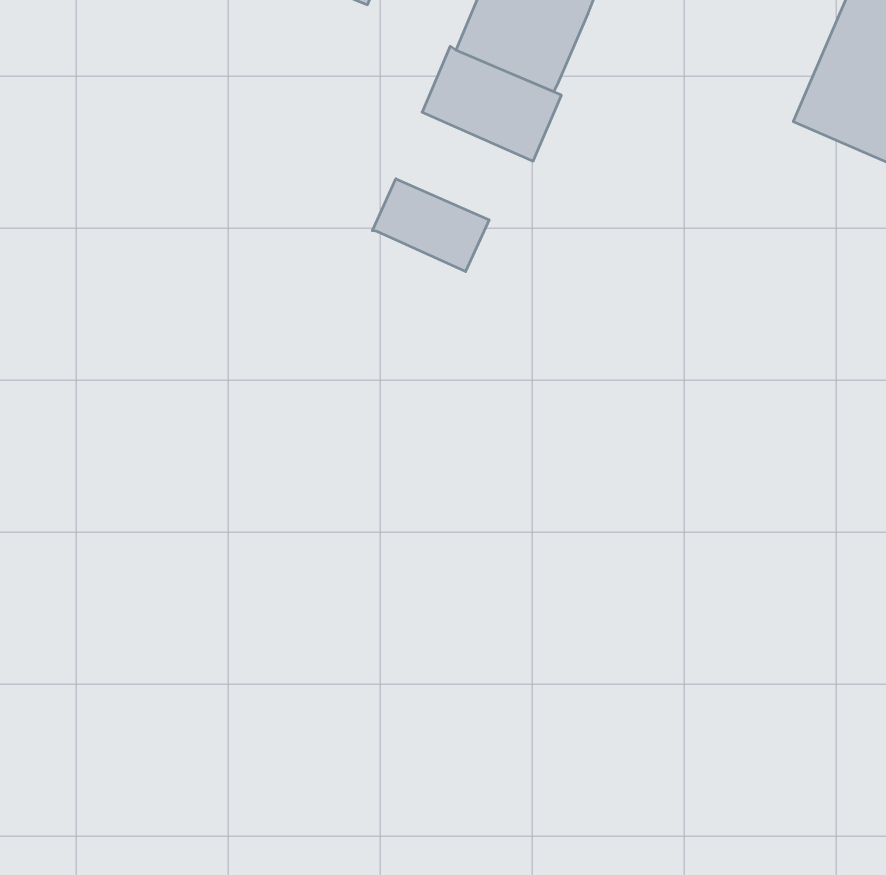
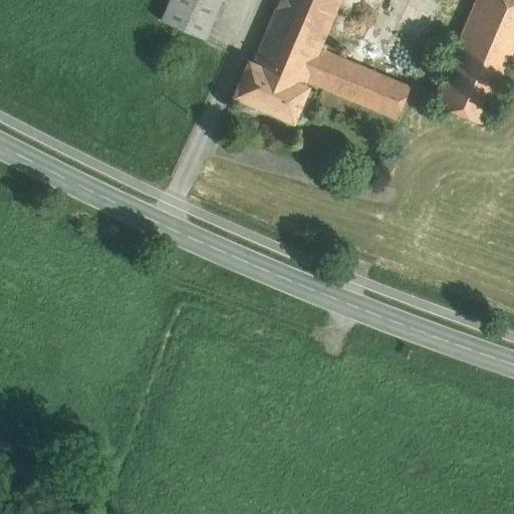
building: none -> [307,43,411,118]
building: [372,179,489,272] -> none

